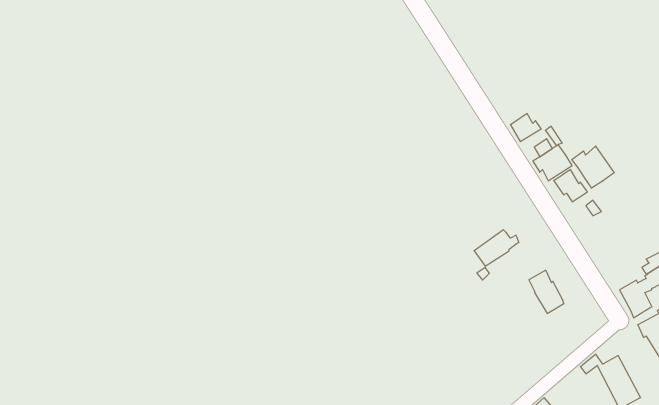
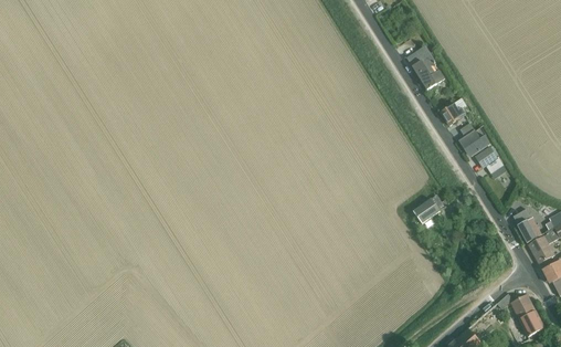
building: none -> [406,45,445,88]
building: [572,146,614,188] -> none
building: [529,270,564,313] -> [514,207,541,241]

